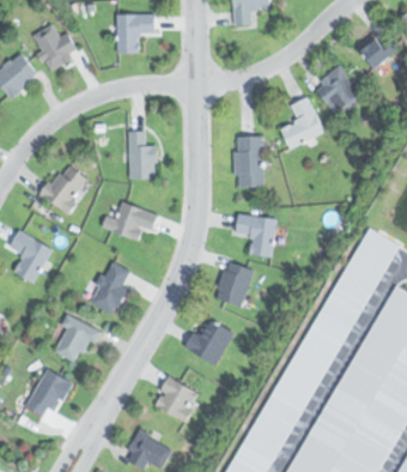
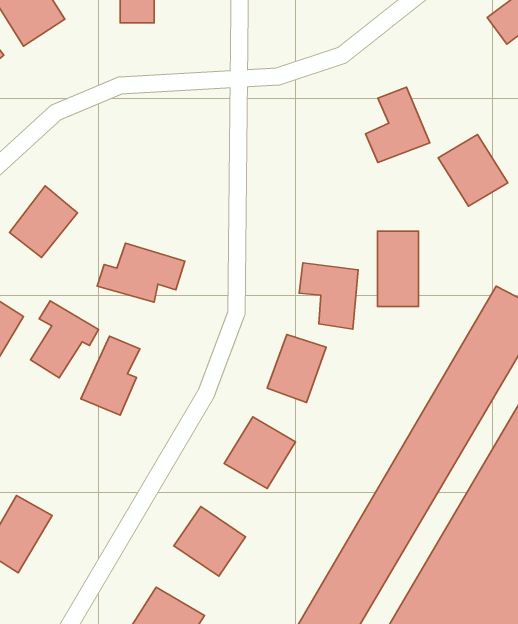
building: [315,67,362,115] -> [438,135,508,206]
building: [128,131,156,180] -> none
building: [235,137,262,187] -> [377,231,419,307]
building: [54,314,99,365] -> [30,301,98,378]

